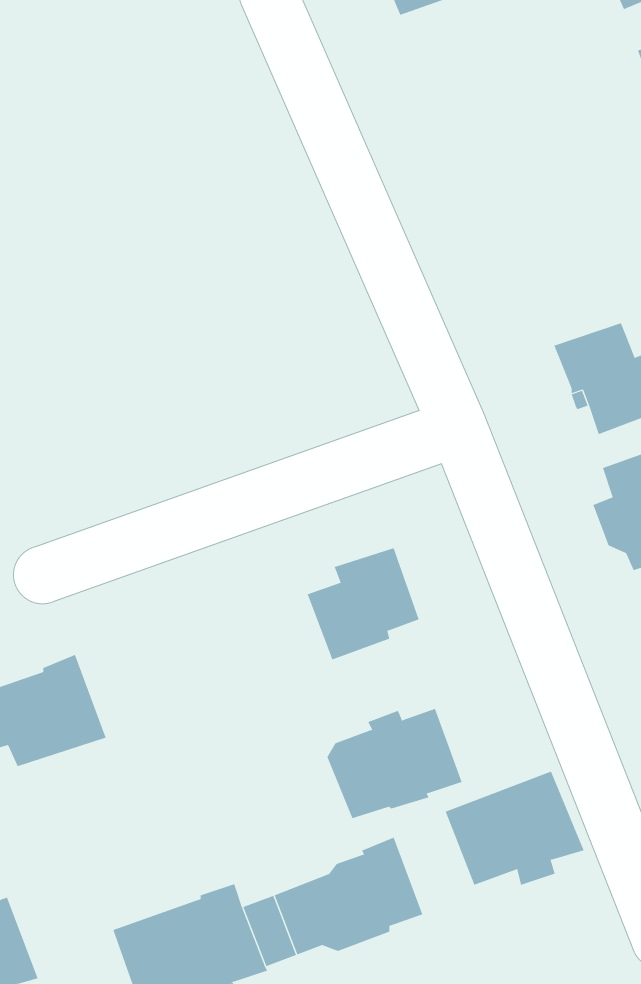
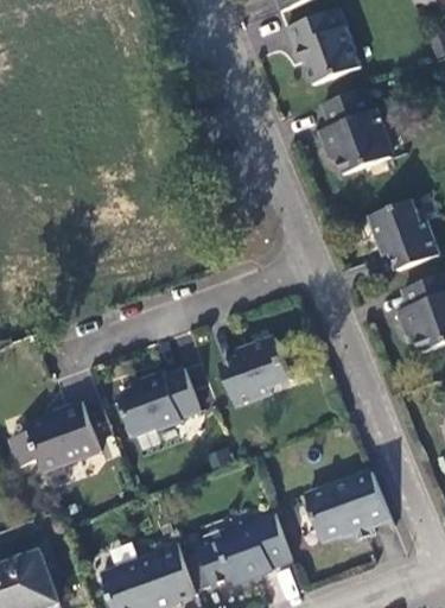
building: none -> [282,8,357,81]
building: none -> [316,87,387,172]
building: [327,708,463,819] -> [117,369,201,437]

